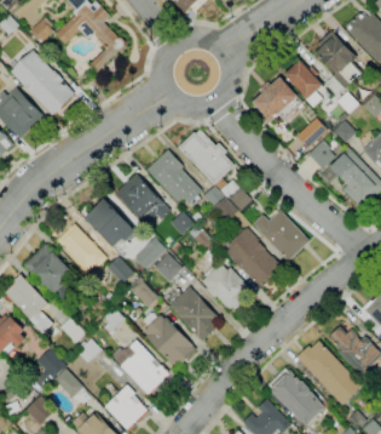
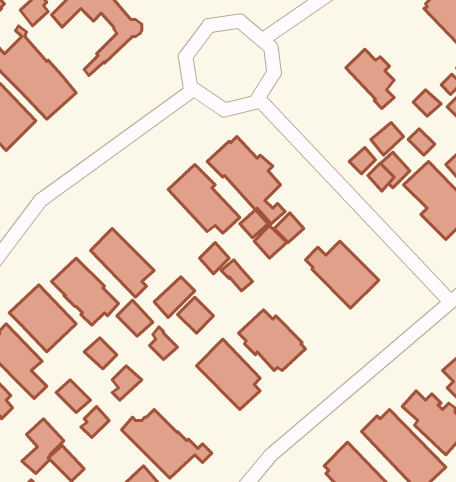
building: [314,30,357,82] -> none
building: [253,76,302,122] -> none
building: [115,173,171,224] -> none
building: [226,227,281,287] -> none
building: [143,312,197,369] -> none

